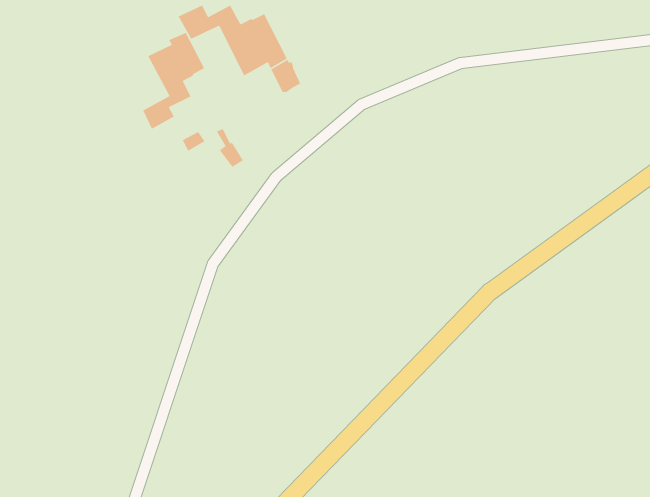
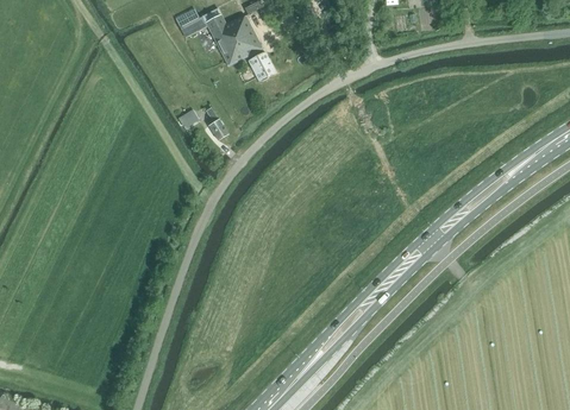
building: [142,32,205,130] -> none

